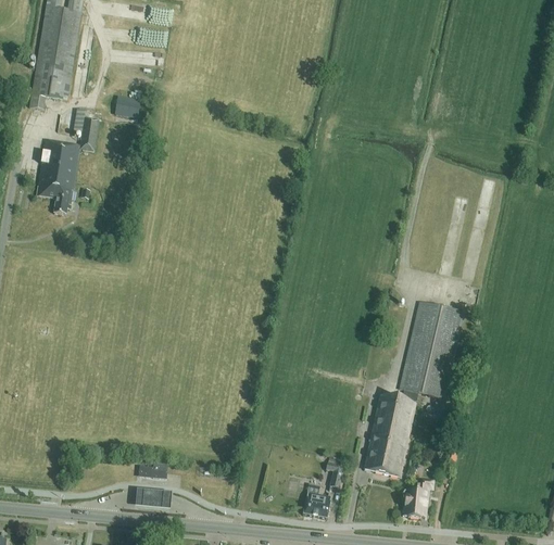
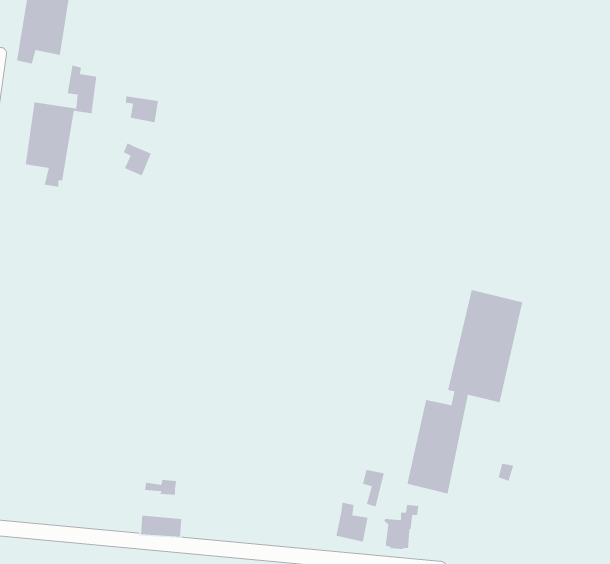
building: [111,93,140,117] -> [125,95,159,123]
building: none -> [123,142,152,176]
building: [403,478,433,517] -> [384,504,419,550]

